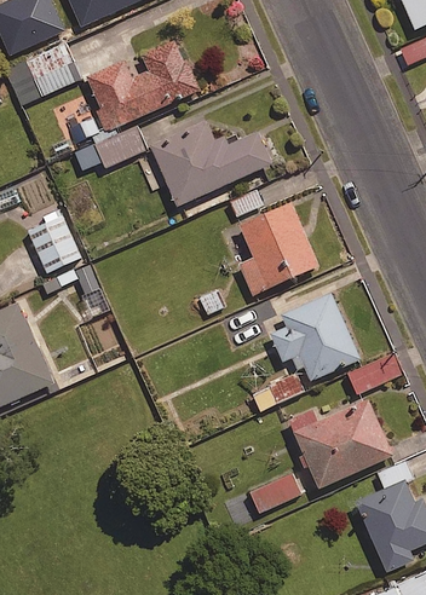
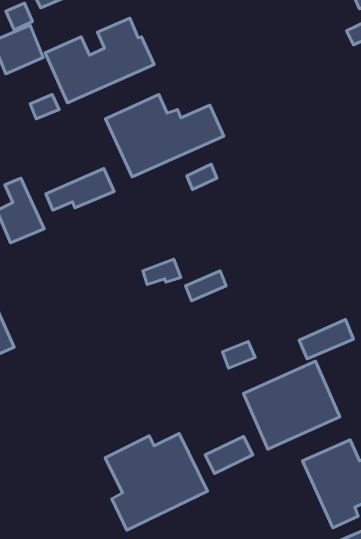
building: [77,127,149,171] -> [46,168,114,210]
building: [237,202,320,296] -> none
building: [269,290,359,380] -> none
building: none -> [105,434,208,530]

